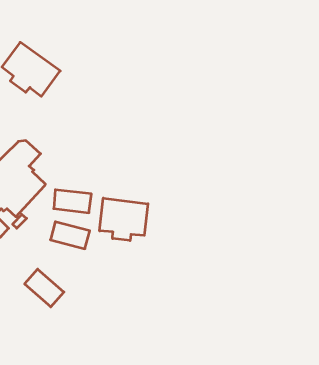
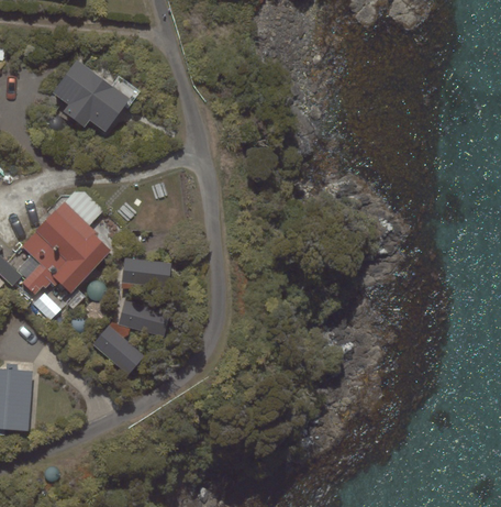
building: [100,198,148,241] -> none
building: [25,269,64,307] -> [91,324,144,375]

